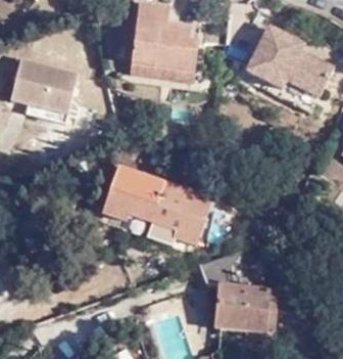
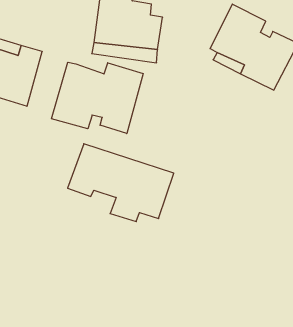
building: none -> [52,62,143,134]
building: [199,249,303,340] -> none

